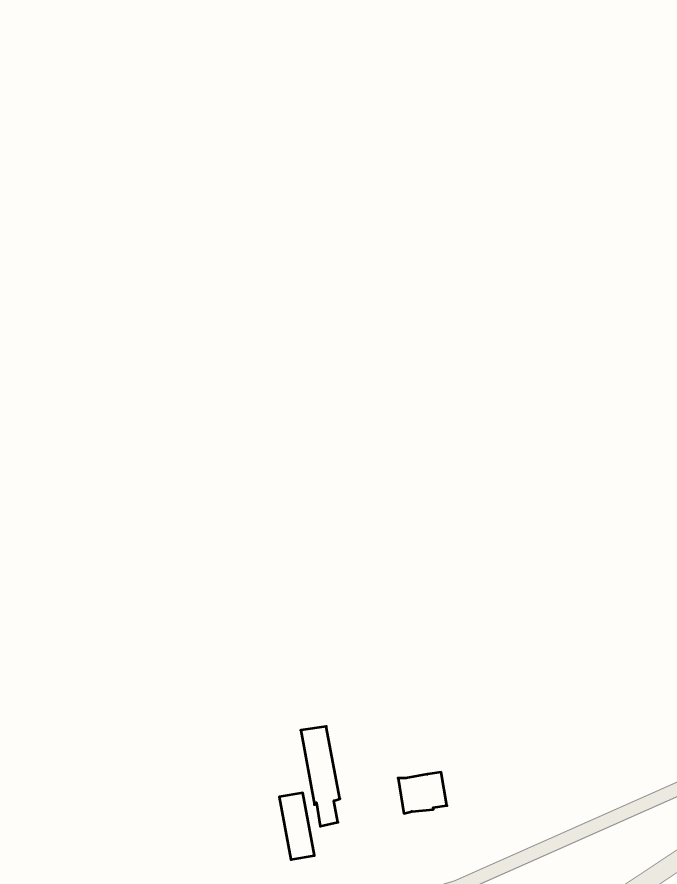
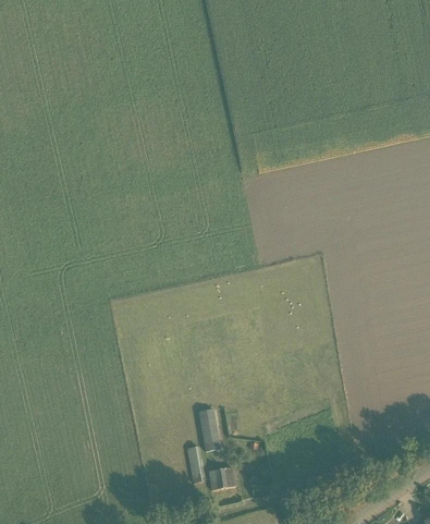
building: [398,772,447,813] -> [209,468,236,491]

